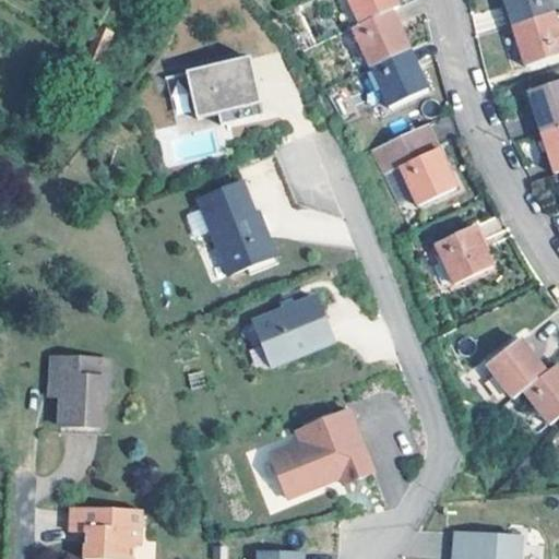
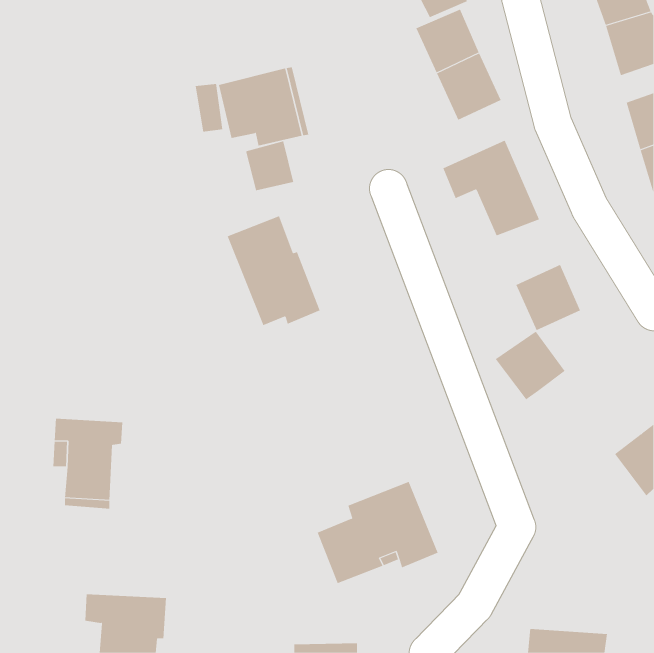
building: none -> [245,140,294,191]
building: [253,297,333,365] -> none
building: [486,335,546,394] -> [495,331,566,400]

